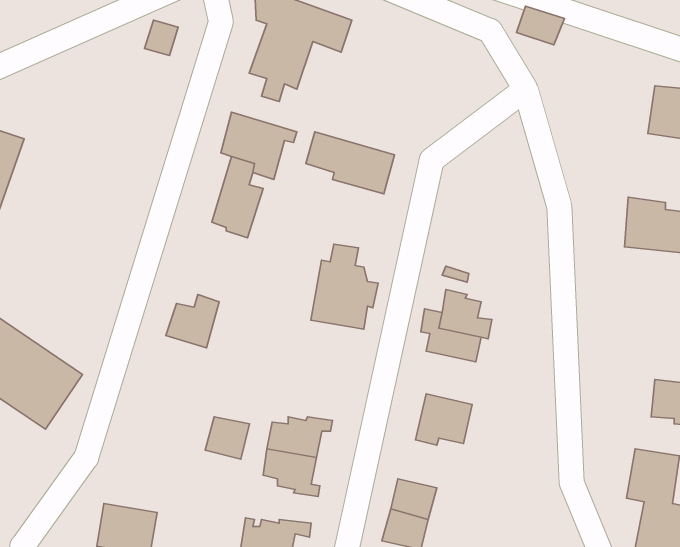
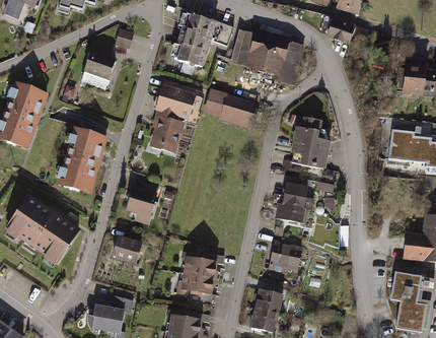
building: none -> [236,31,300,86]
building: none -> [81,52,115,87]
building: none -> [60,132,104,191]
building: [311,244,378,329] -> [292,119,331,167]
building: [205,417,250,459] -> [114,238,139,262]

